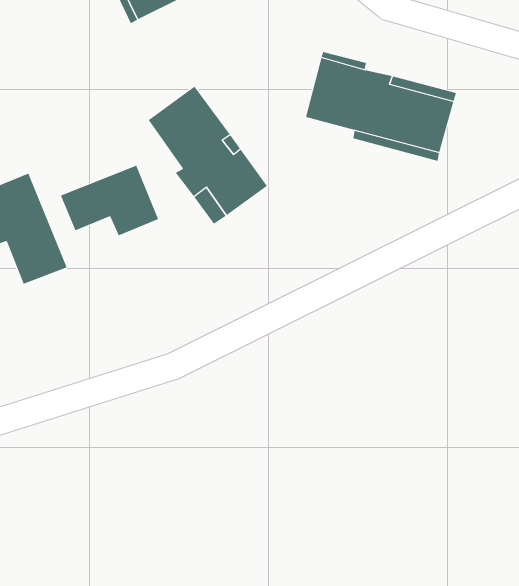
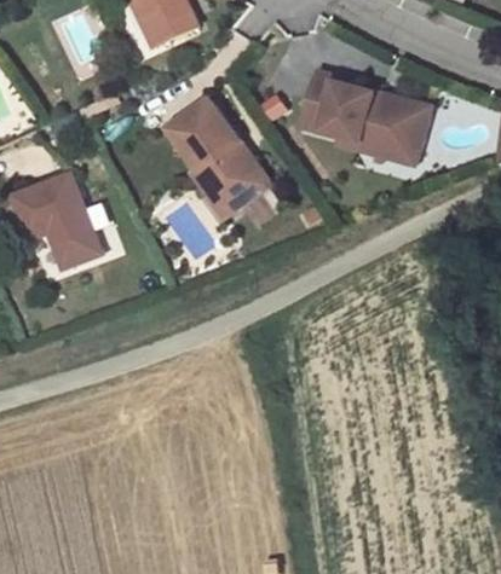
building: [60,165,159,236] -> none

